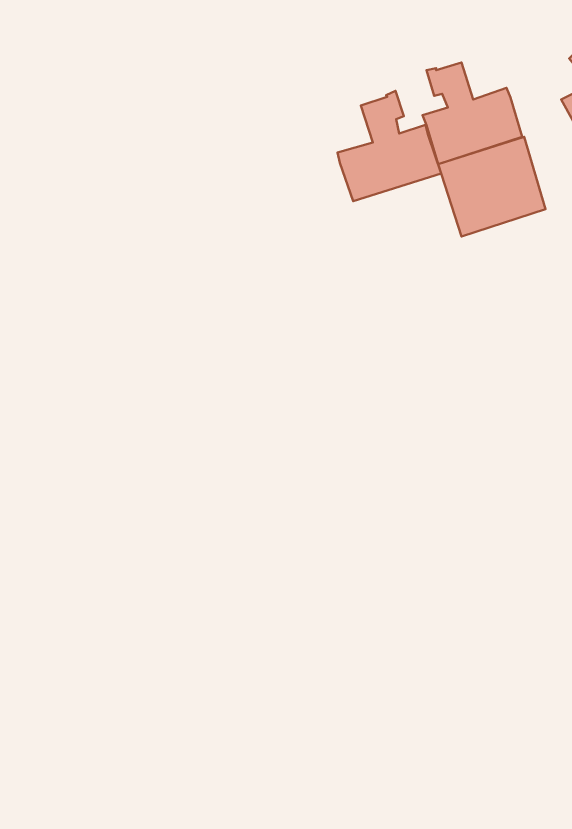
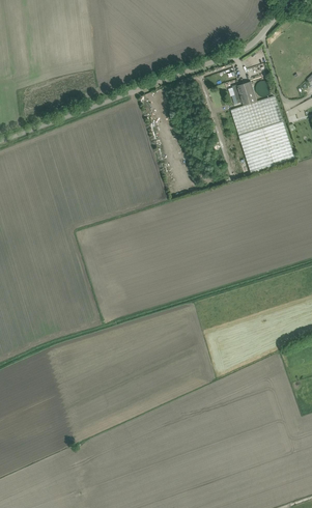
building: [338,91,441,201] -> none

